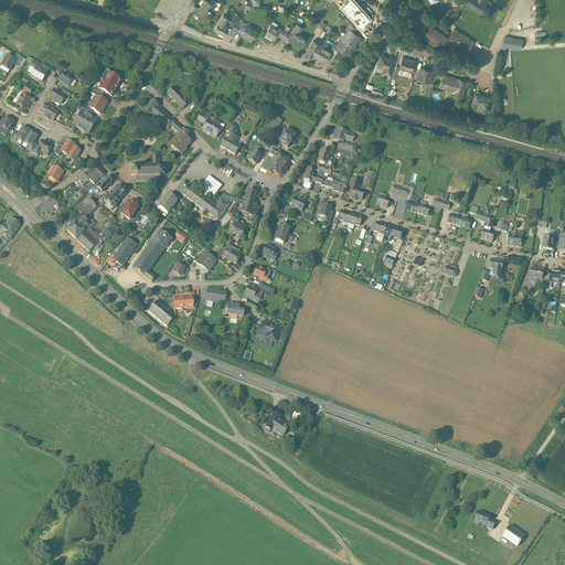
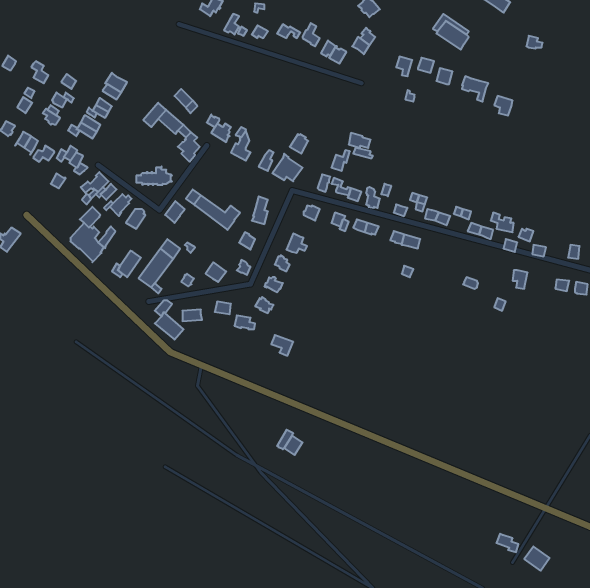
building: [444,26,473,55] -> none

